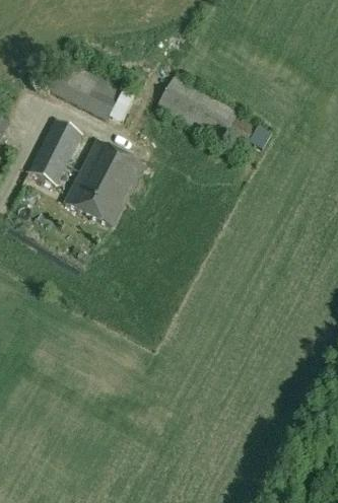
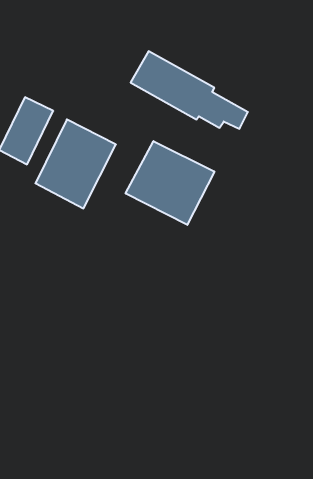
building: [49,57,125,118] -> none
building: none -> [126,141,214,225]

